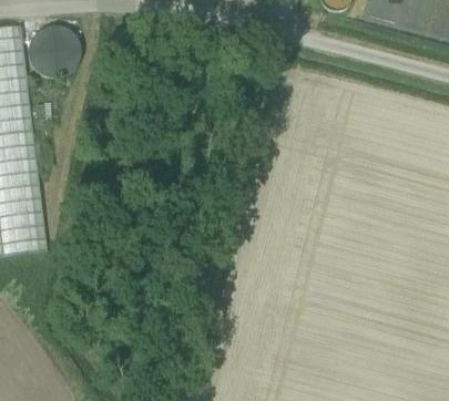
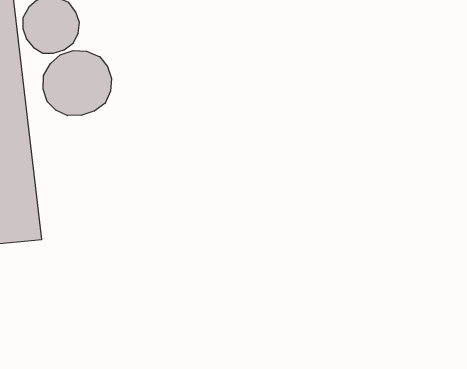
building: none -> [43,51,112,116]

